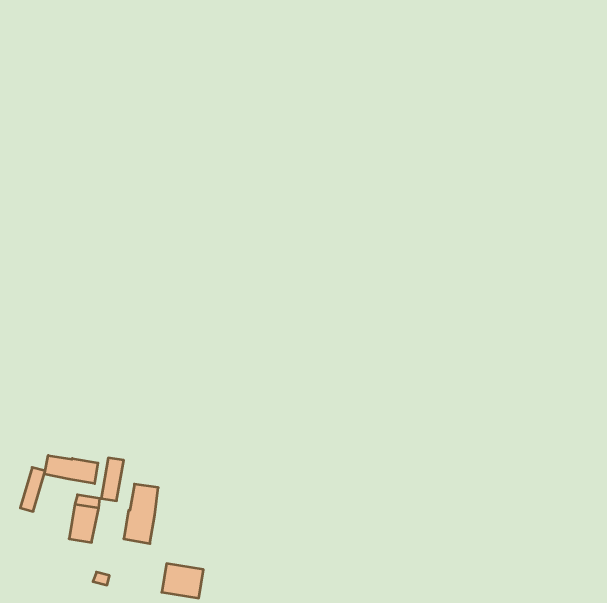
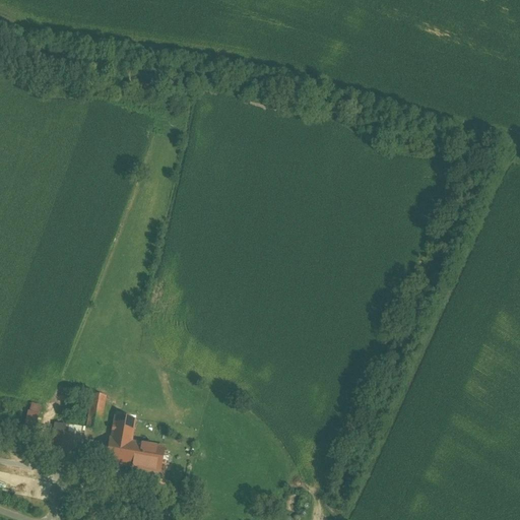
building: [45,455,98,484] -> none
building: [162,564,203,598] -> [129,440,165,469]

